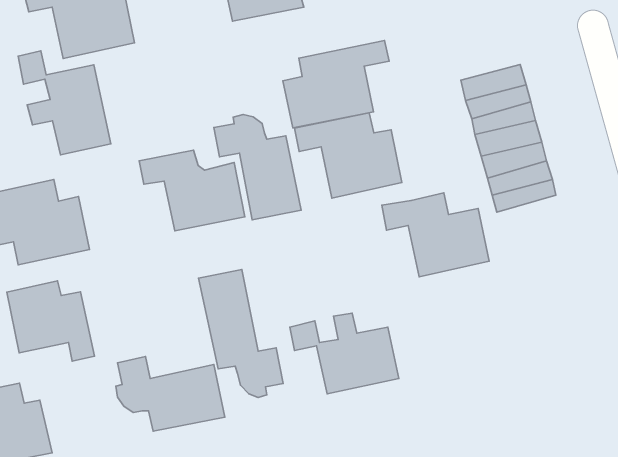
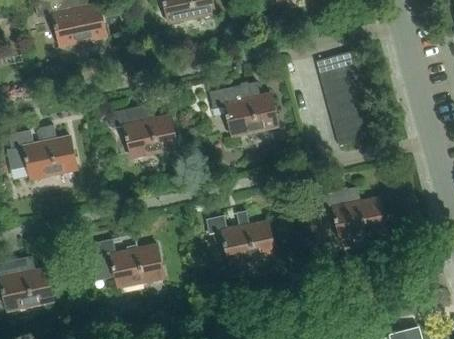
building: [283,40,389,128] -> none
building: [18,51,111,155] -> none
building: [214,114,301,220] -> none
building: [382,193,489,277] -> [317,187,386,241]
building: [199,270,283,397] -> none
building: [7,281,95,361] -> none

